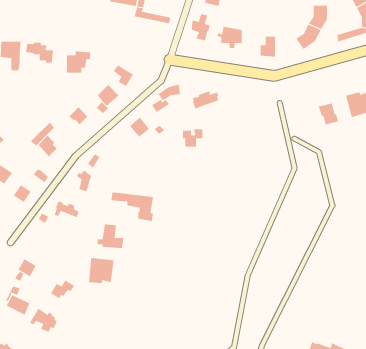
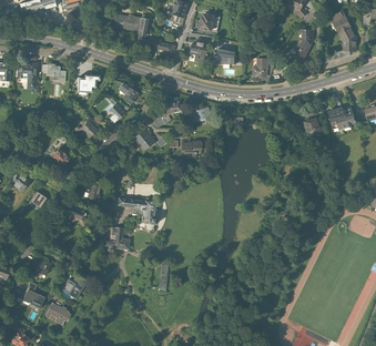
building: [88,257,114,284] -> none

